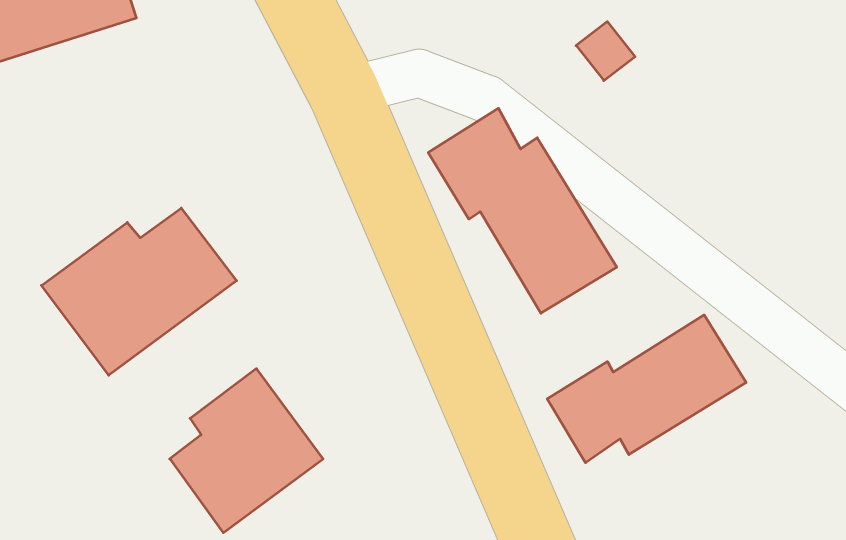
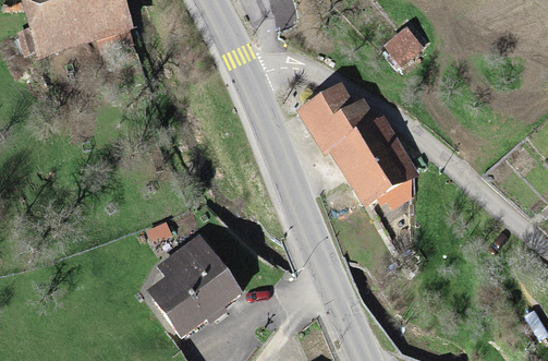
building: [41,208,237,375] -> none
building: [547,315,746,463] -> none

